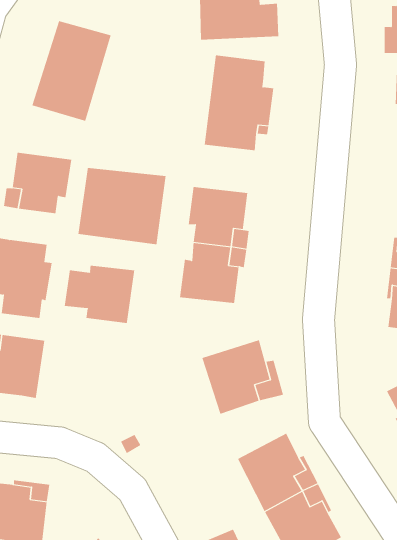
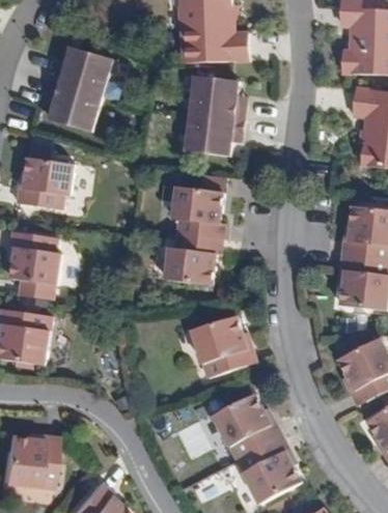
building: [78,167,166,245] -> none
building: [64,265,135,324] -> none

